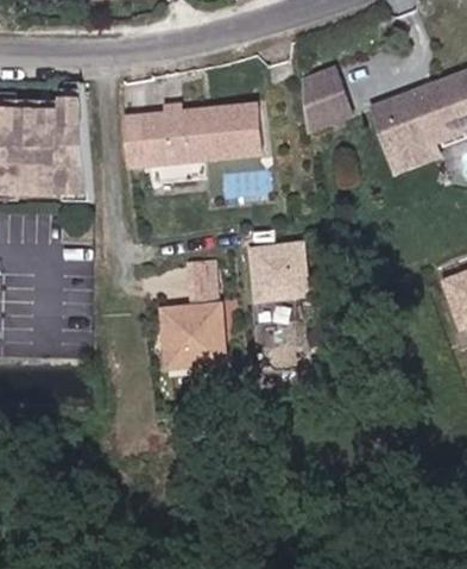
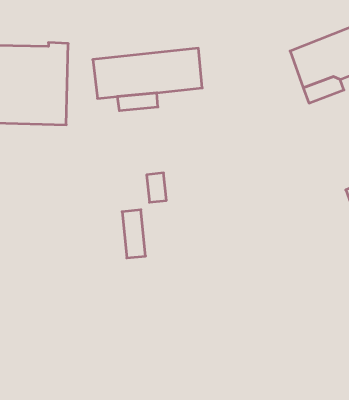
building: [301,65,352,130] -> none
building: [250,240,309,300] -> none
building: [184,302,226,364] -> none

